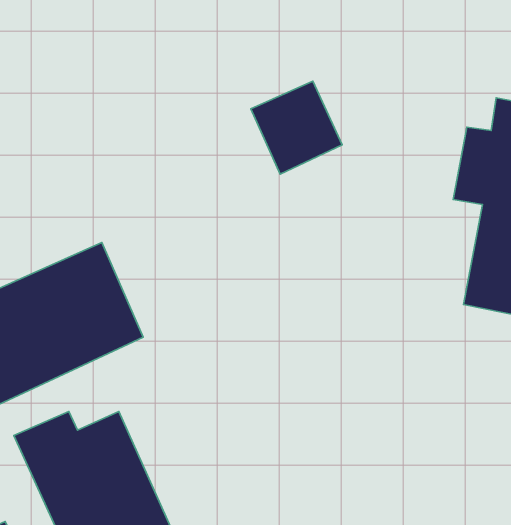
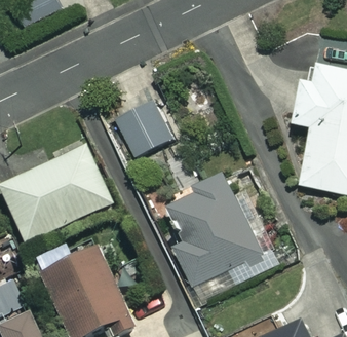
building: [251,81,342,174] -> [117,98,171,153]
building: none -> [169,174,264,284]

